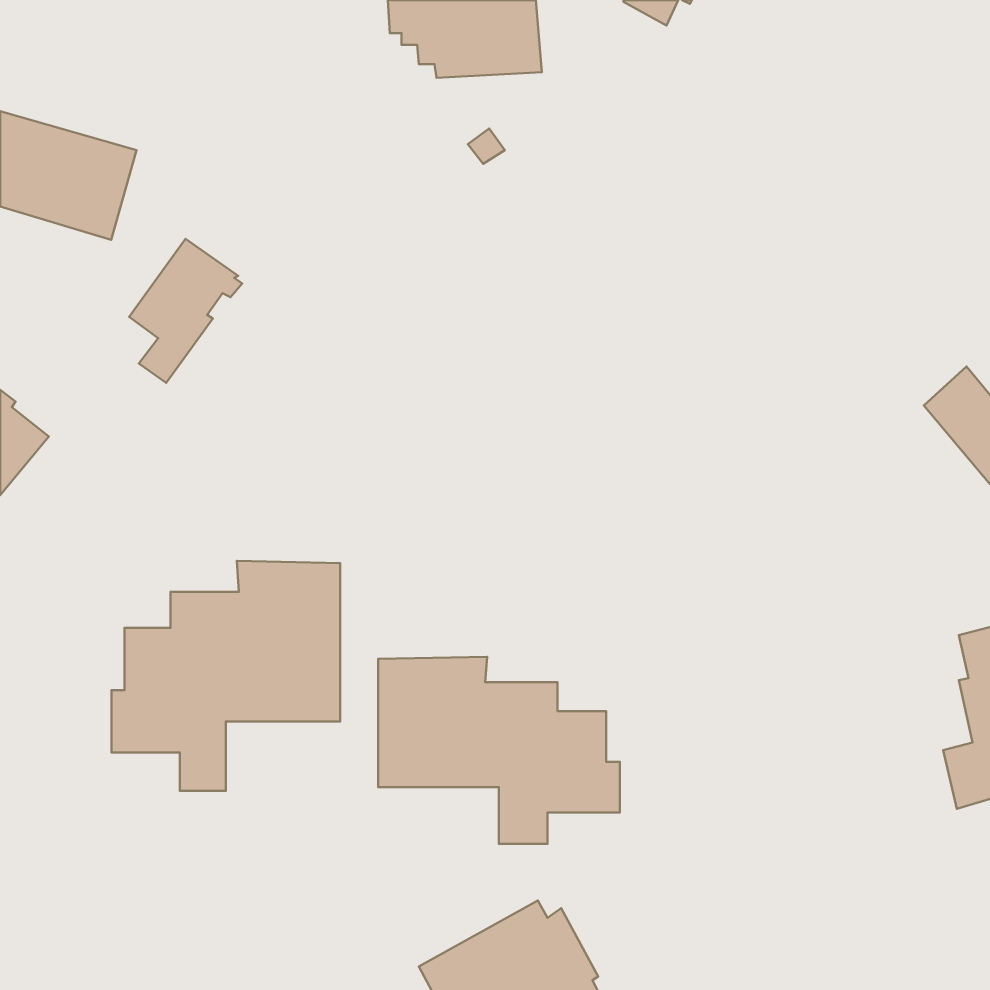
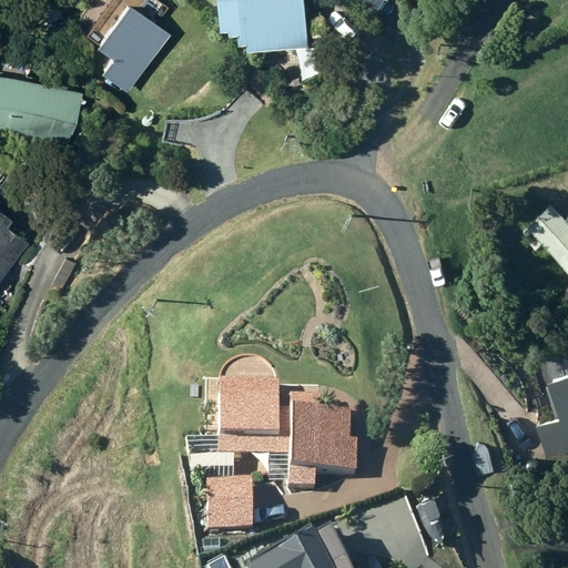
building: [129,239,242,383] -> [100,11,164,93]
building: [112,561,340,791] -> none
building: none -> [205,475,253,526]

